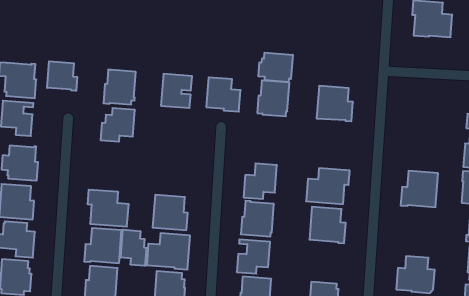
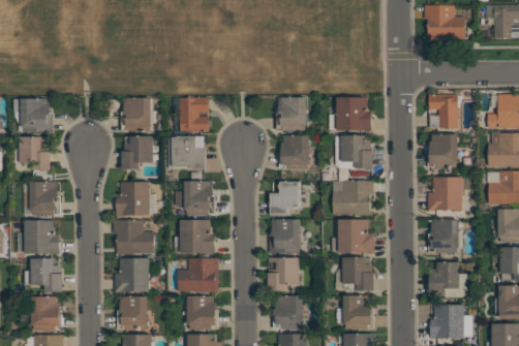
building: [258,53,293,82] -> none
building: [47,61,77,91] -> none
building: [206,77,241,112] -> [172,137,205,169]
building: none -> [428,95,457,128]
building: none -> [279,136,309,169]
building: none -> [335,135,372,168]
building: none -> [427,134,457,167]
building: none -> [116,183,150,216]
building: none -> [175,181,214,215]
building: none -> [428,220,459,253]
building: [121,230,146,266] -> none
building: none -> [342,257,374,291]

